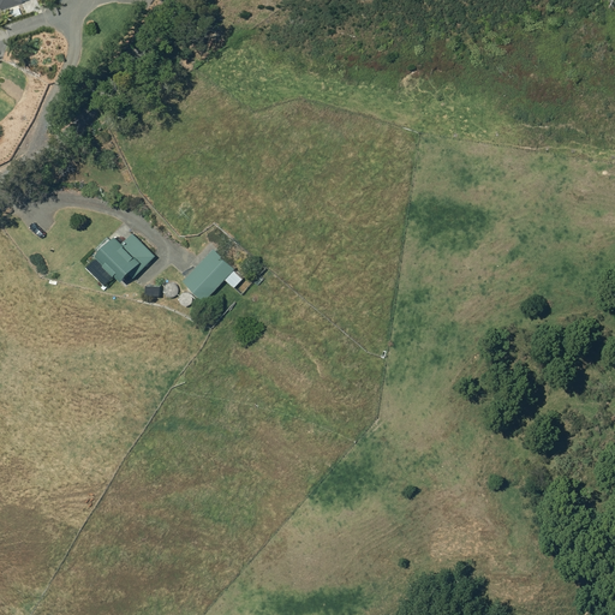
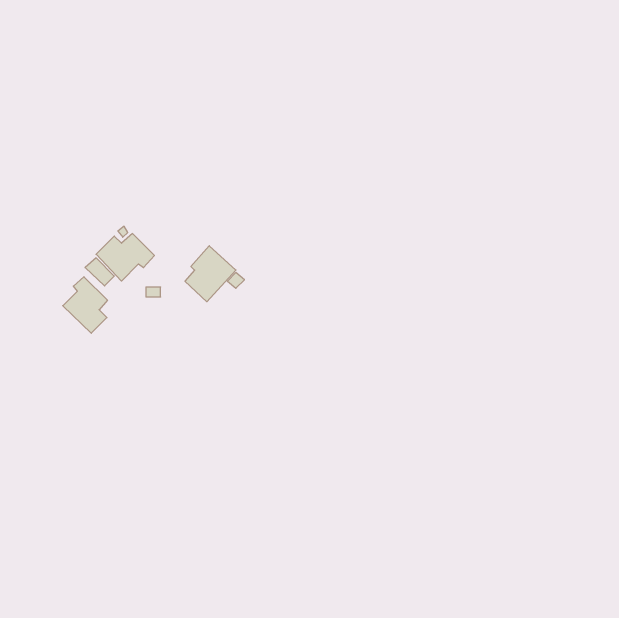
building: none -> [63,277,107,333]

